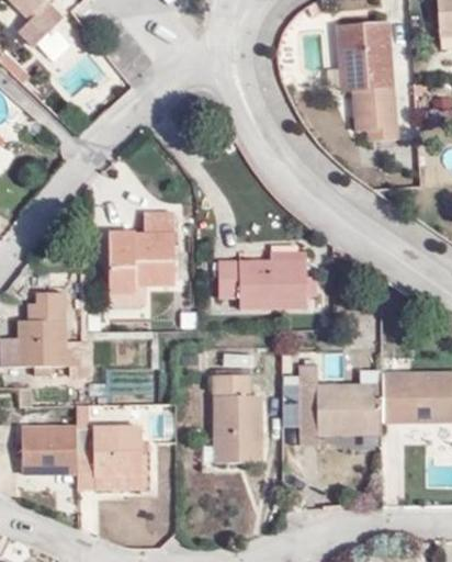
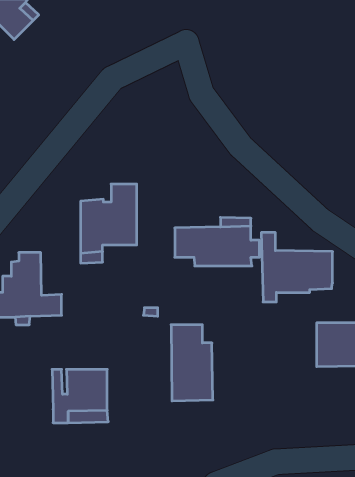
building: [340,22,396,143] -> none
building: [300,366,382,446] -> [261,233,333,302]
building: [22,427,78,473] -> none

